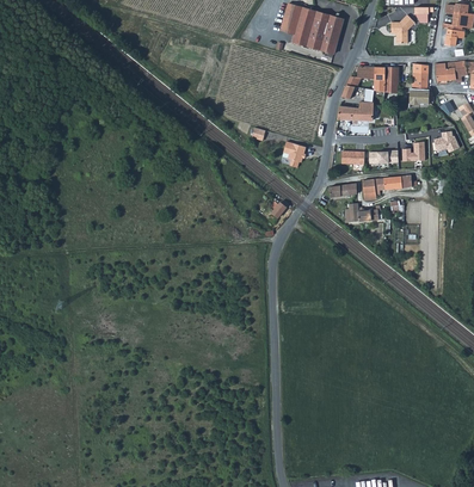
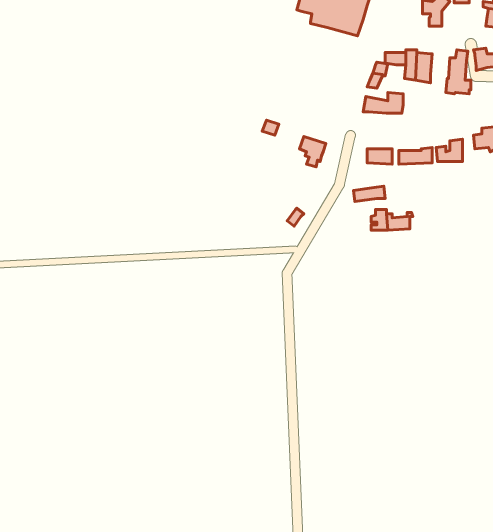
building: [363,174,412,198] -> none

